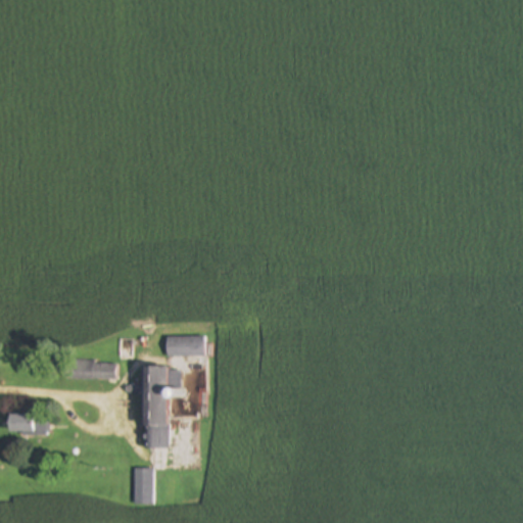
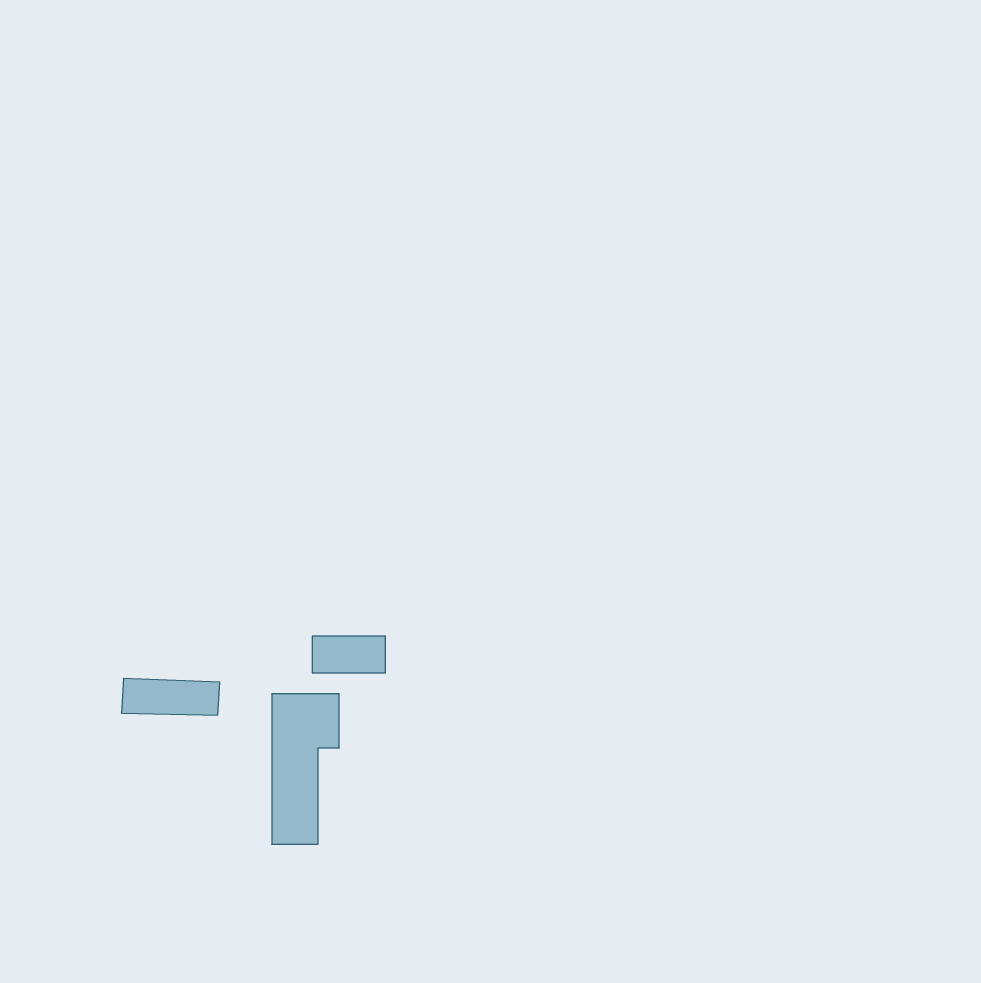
building: [8,414,46,433] -> none
building: [134,468,152,504] -> none

